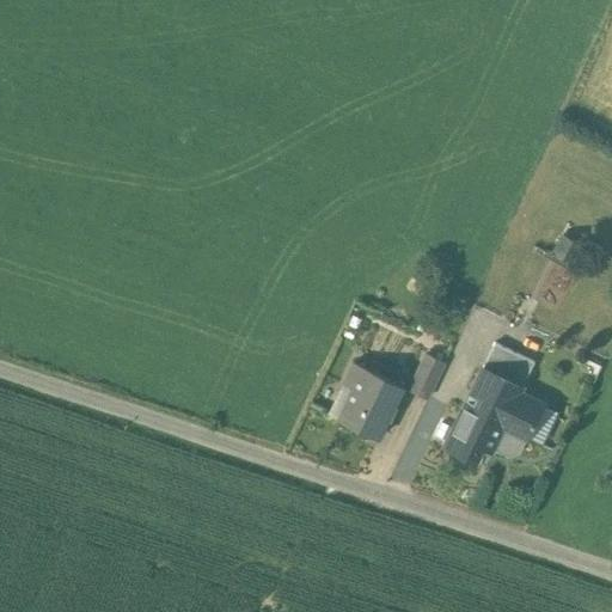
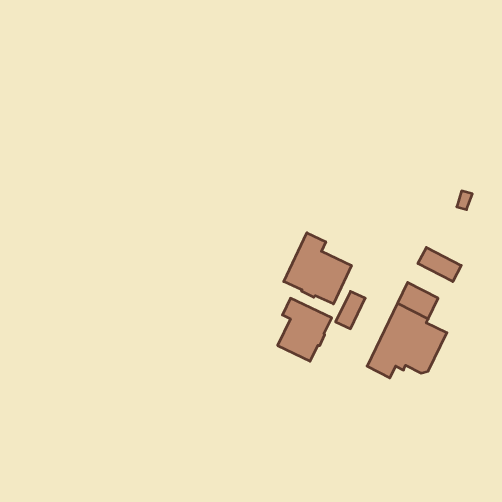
building: none -> [284,233,351,304]
building: none -> [418,247,461,282]

